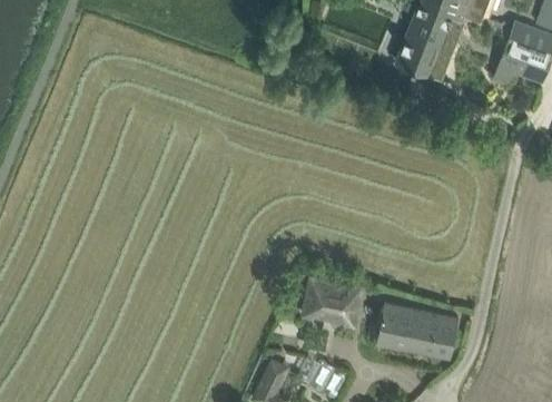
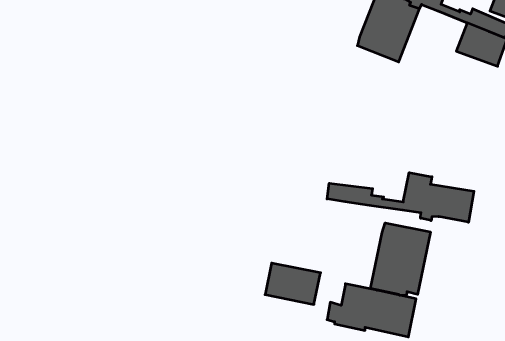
building: none -> [327,173,474,222]
building: none -> [370,223,430,295]

